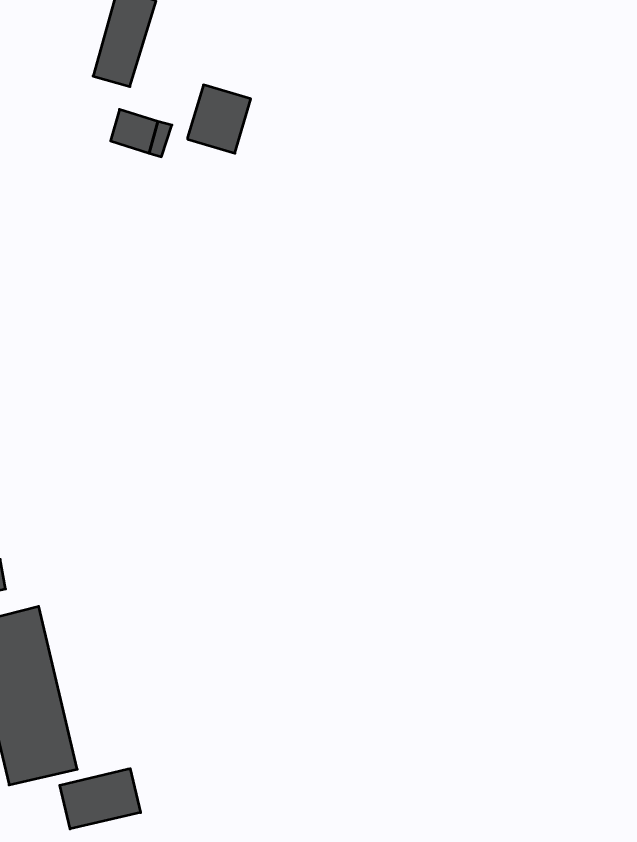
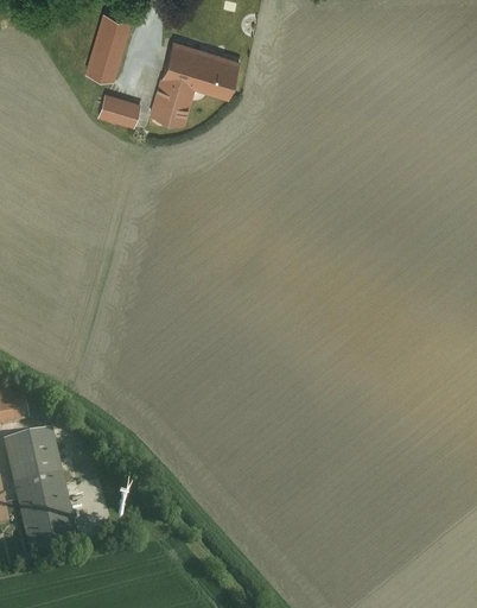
building: none -> [163,38,240,95]
building: [60,769,141,829] -> none

